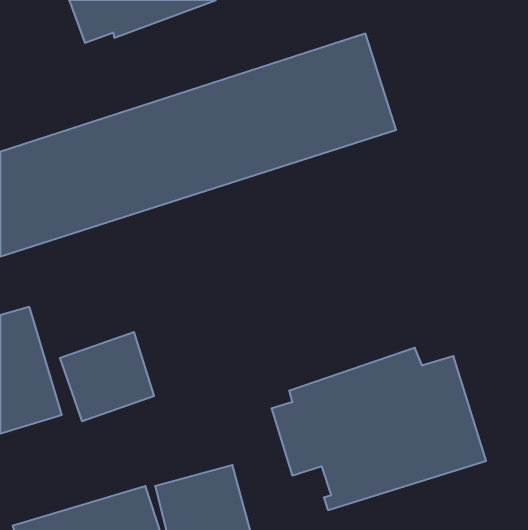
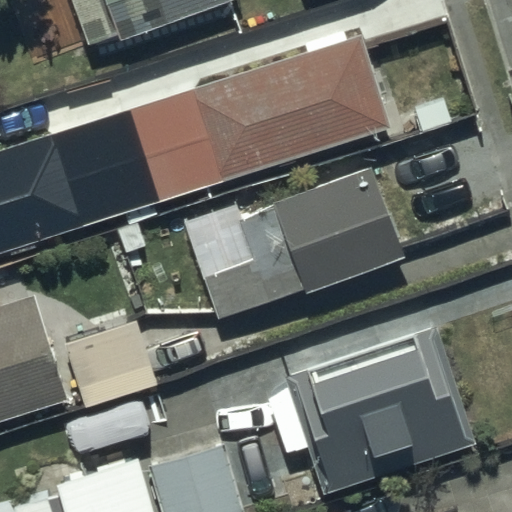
building: none -> [178,171,399,319]

